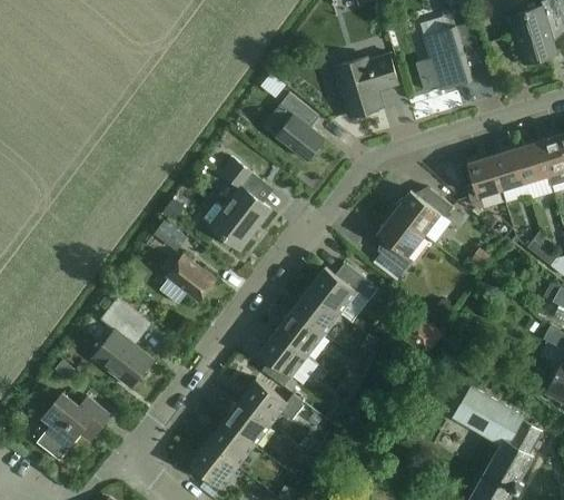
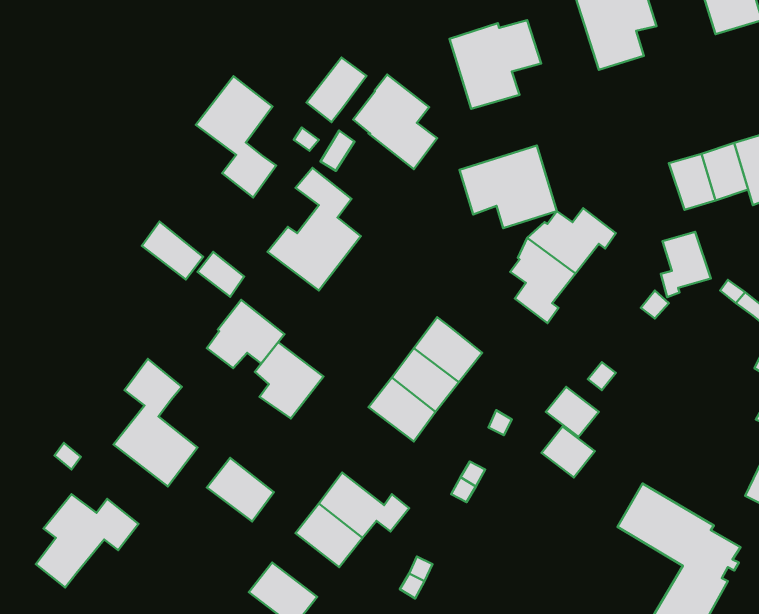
building: none -> [306,57,366,122]
building: none -> [196,76,276,197]
building: none -> [459,145,557,228]
building: [466,156,502,203] -> [661,232,711,297]
building: none -> [142,222,203,280]
building: [335,261,378,322] -> none
building: [259,331,308,385] -> [255,342,323,418]
building: none -> [541,427,595,477]
building: [207,421,255,467] -> [207,458,274,522]

